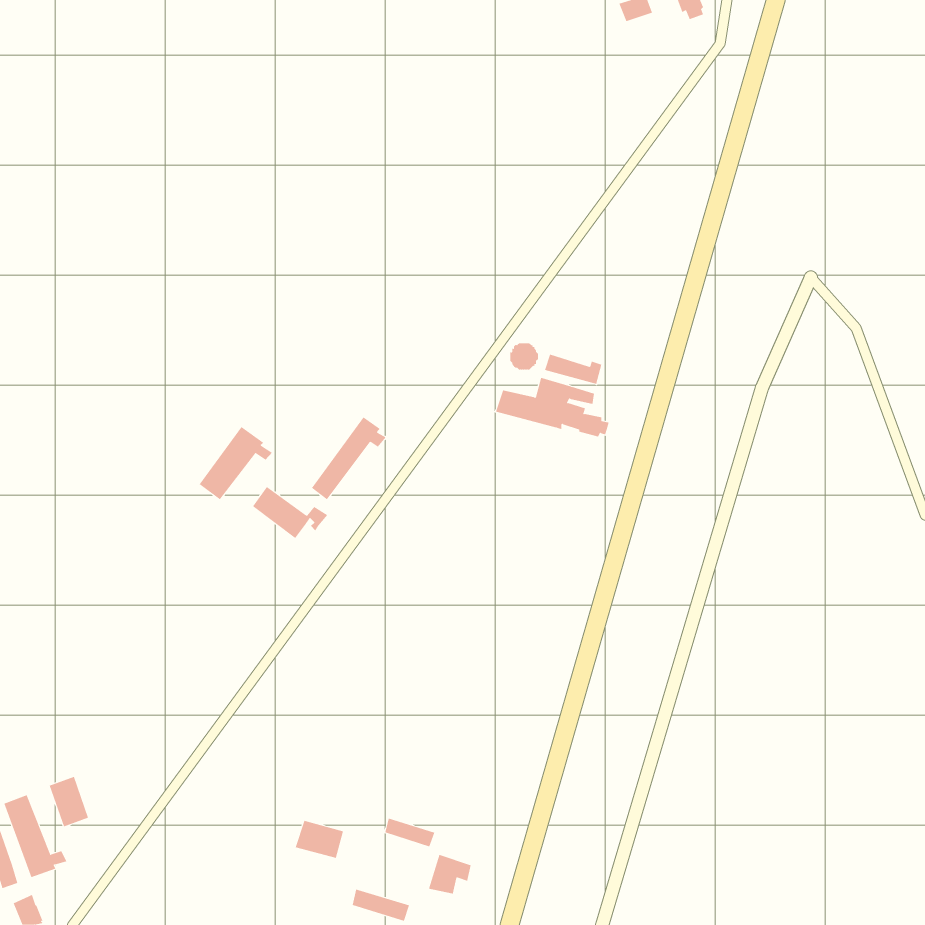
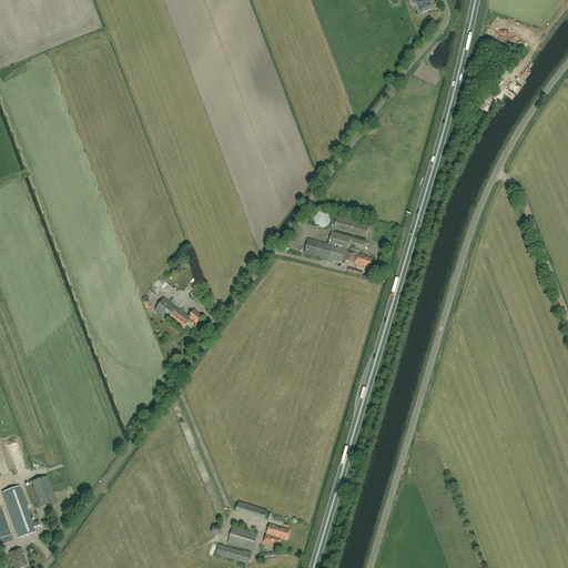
building: [311,416,387,500] -> none
building: [199,426,273,500] -> none
building: [295,820,344,858] -> [226,526,256,549]

